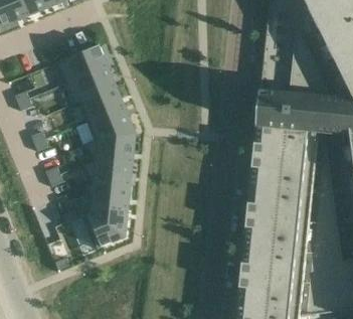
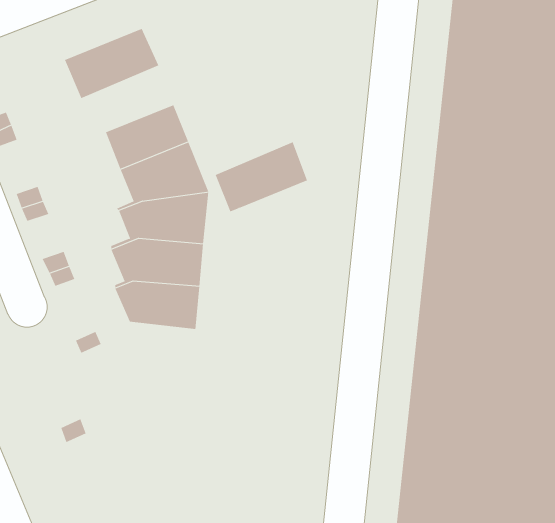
building: [66,65,117,104] -> [215,141,308,212]
building: [83,204,129,248] -> none

